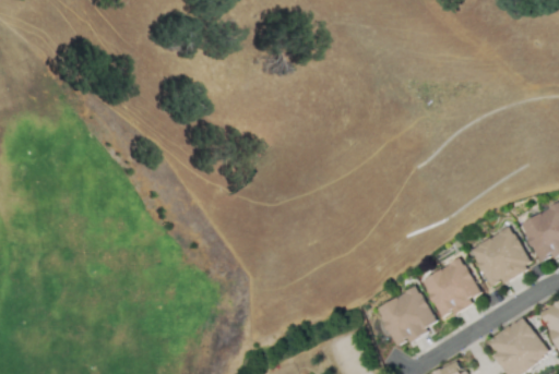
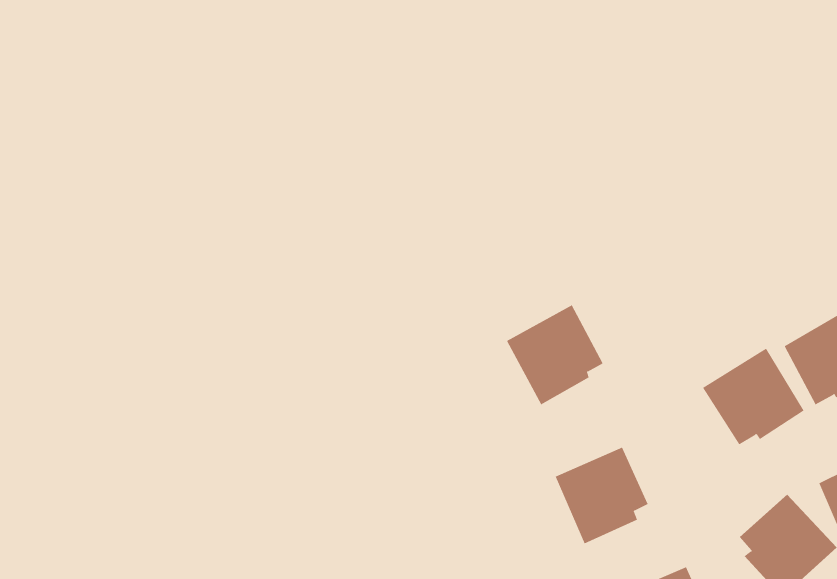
building: [419,256,480,319] -> [506,304,603,405]

